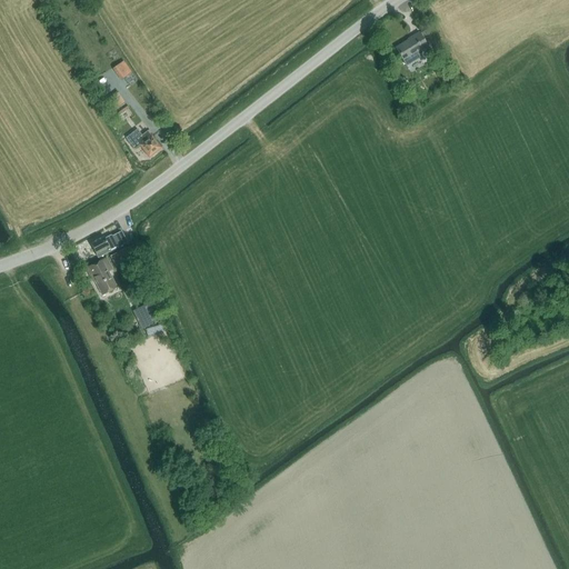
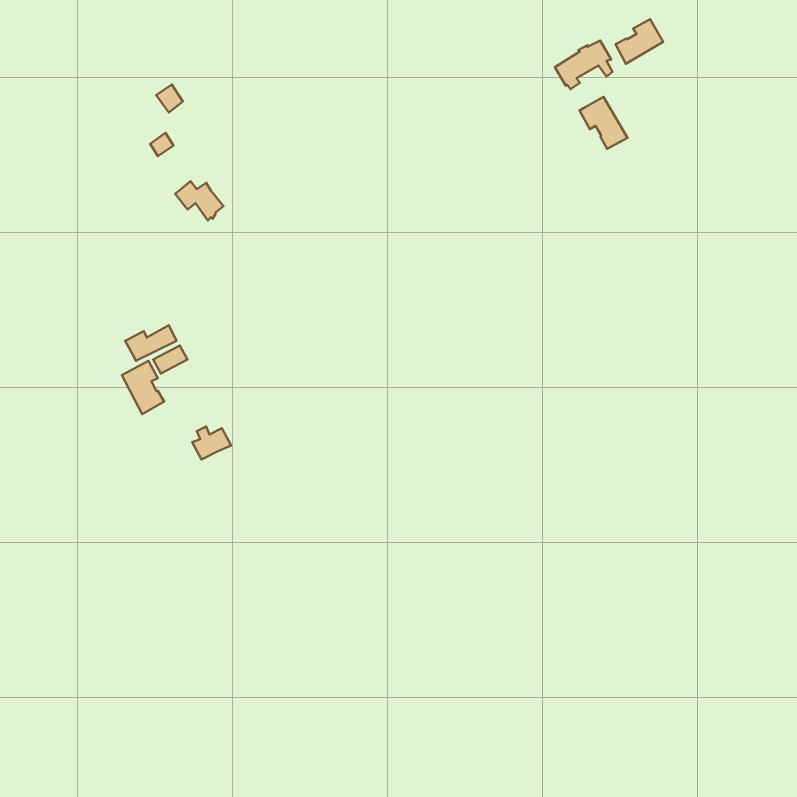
building: none -> [615,19,663,64]
building: none -> [580,97,628,149]

